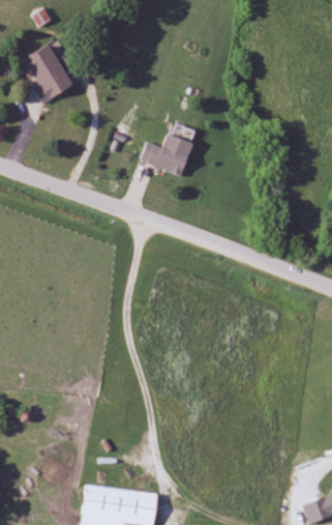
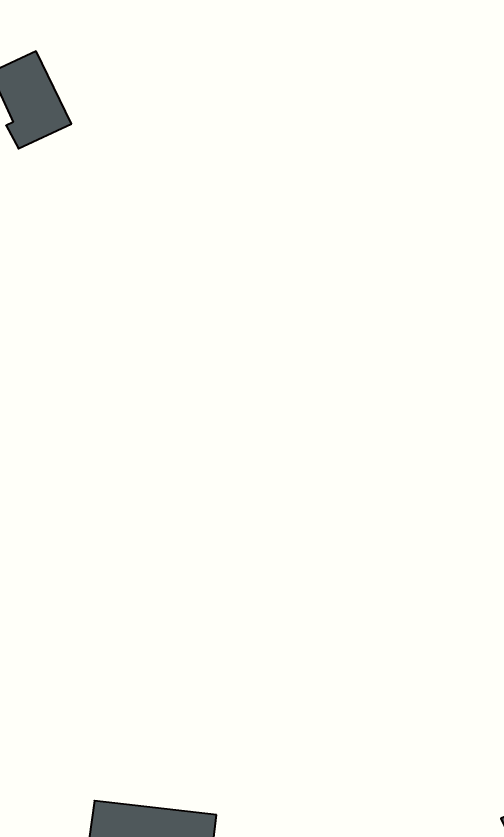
building: [141,134,192,175] -> none

